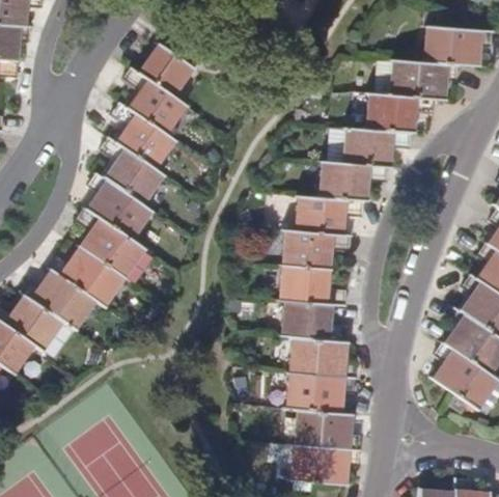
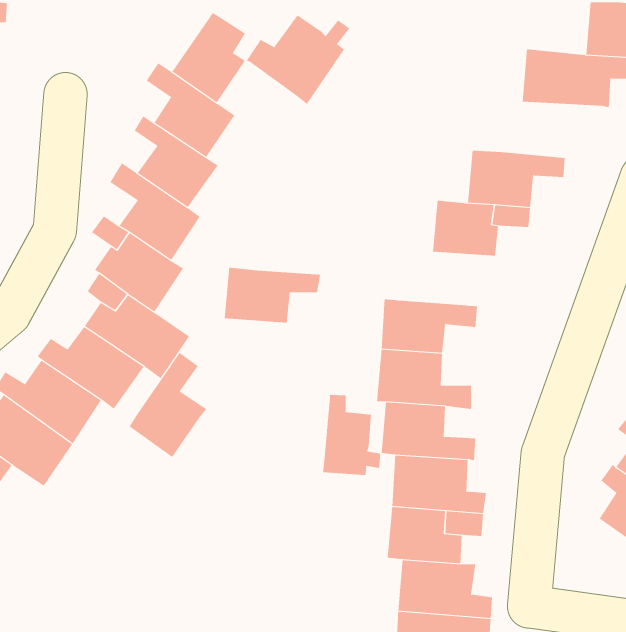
building: none -> [246,14,350,105]
building: [367,93,436,133] -> none
building: [297,195,363,233] -> [224,267,321,323]
building: none -> [129,352,207,458]
building: none -> [322,394,381,476]

